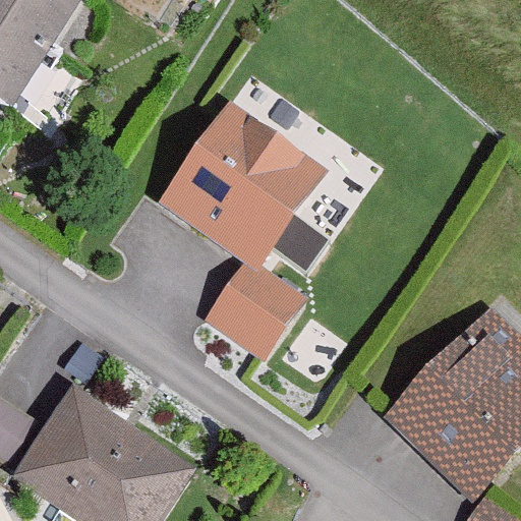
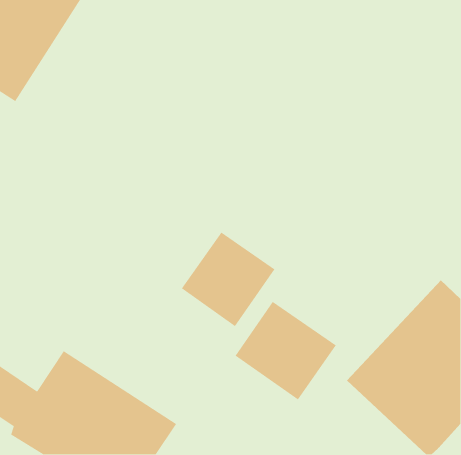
building: [166,107,328,269] -> none
building: none -> [235,301,337,401]

